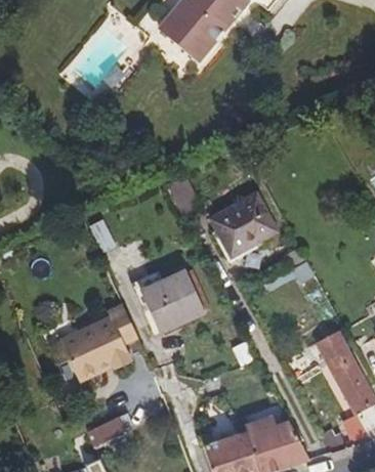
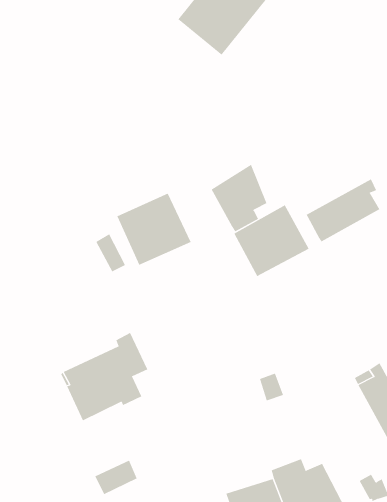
building: none -> [211,164,267,232]
building: none -> [306,178,380,242]
building: [139,268,205,332] -> [117,193,191,265]

